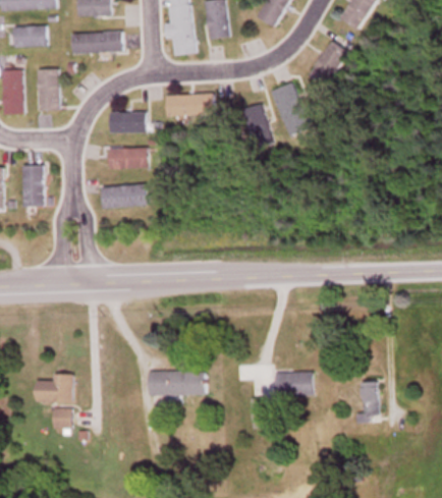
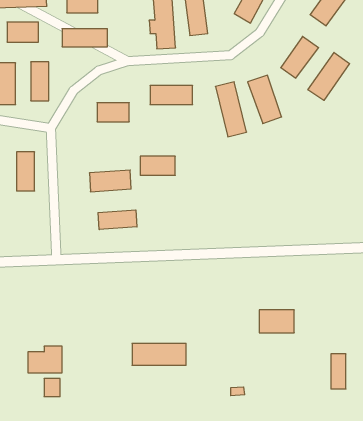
building: none -> [308,52,350,100]
building: [109,148,147,168] -> [140,156,175,175]
building: none -> [98,210,137,230]
building: [275,372,313,396] -> [259,310,294,333]

